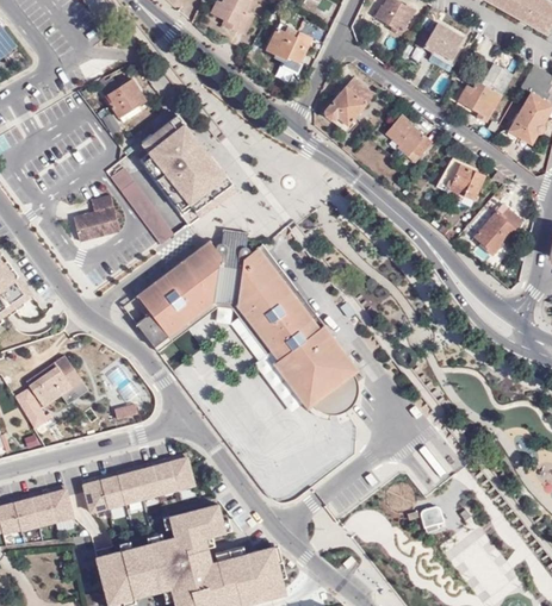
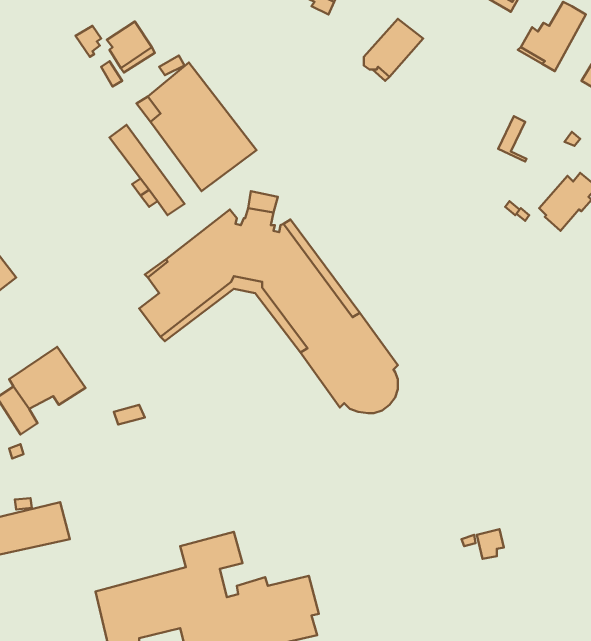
building: [385,114,432,163] -> none
building: [448,164,484,200] -> none
building: [73,194,117,239] -> none
building: [81,450,197,511] -> none

